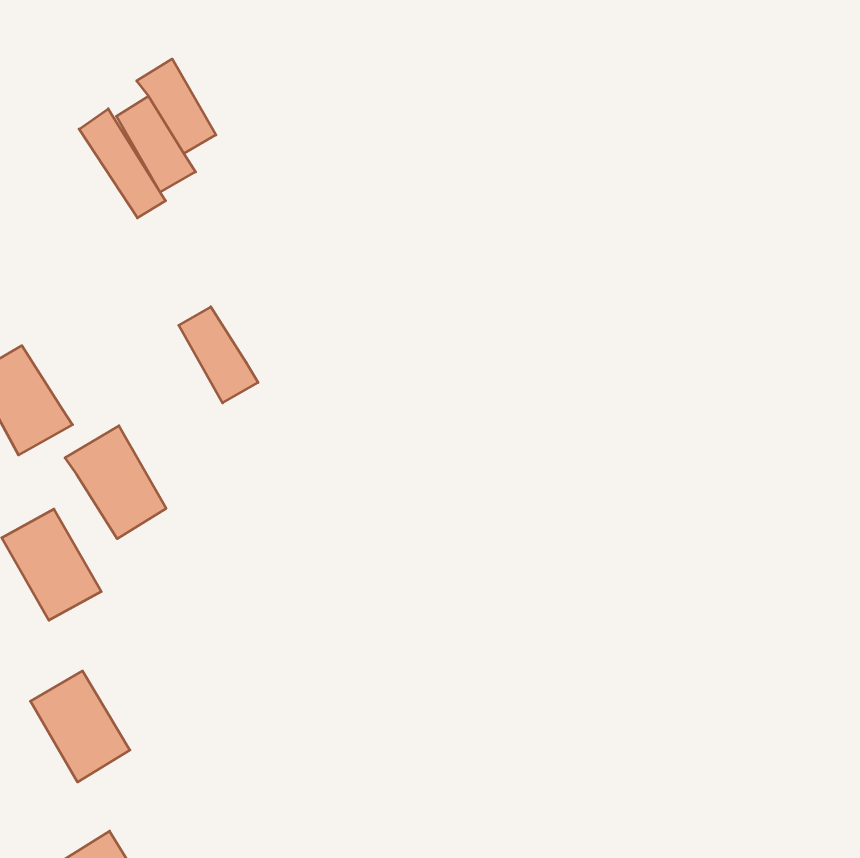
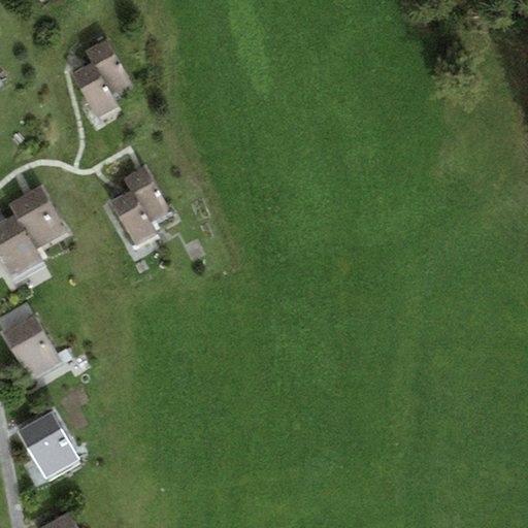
building: [79,109,166,218] -> none
building: none -> [122,167,170,224]
building: [65,426,166,539] -> [6,184,68,253]

